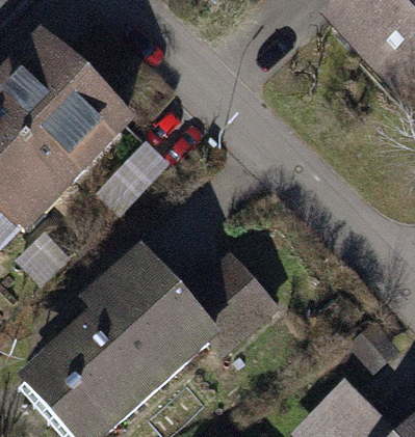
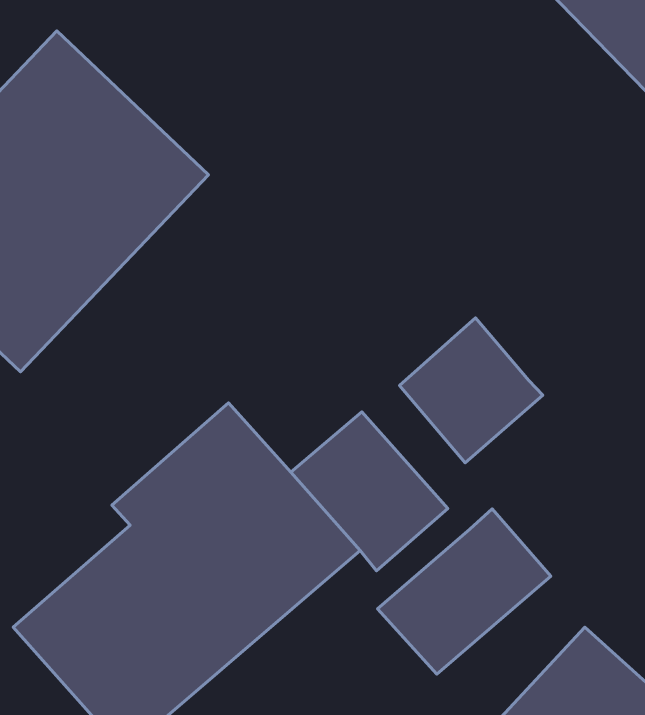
building: none -> [399,318,543,463]
building: none -> [378,509,551,674]

